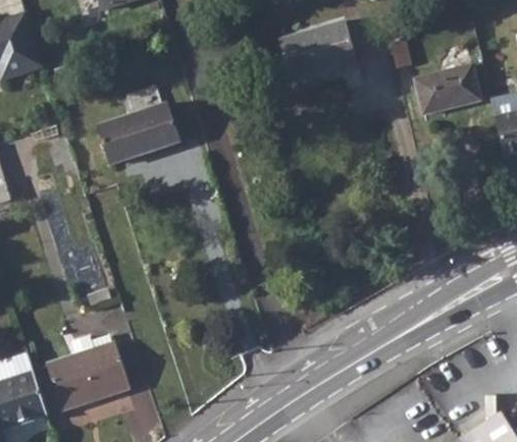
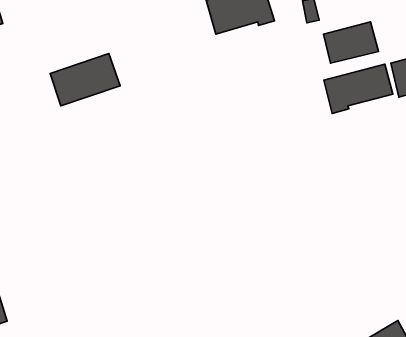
building: none -> [324,64,393,113]
building: [46,335,128,410] -> none

